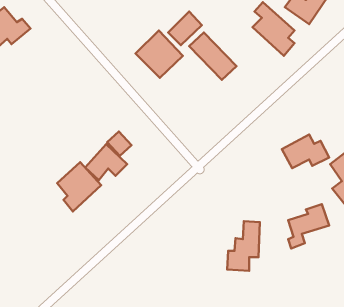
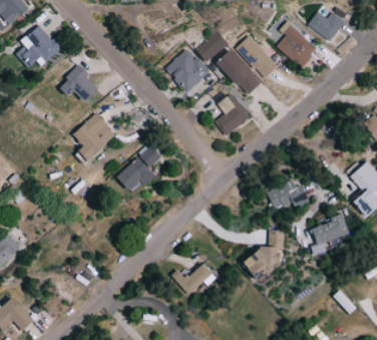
building: none -> [236,36,278,79]
building: none -> [59,65,99,102]
building: none -> [215,93,250,136]
building: [282,134,329,168] -> [266,179,311,211]
building: [57,162,101,212] -> [74,114,116,161]
building: none -> [169,264,217,296]

